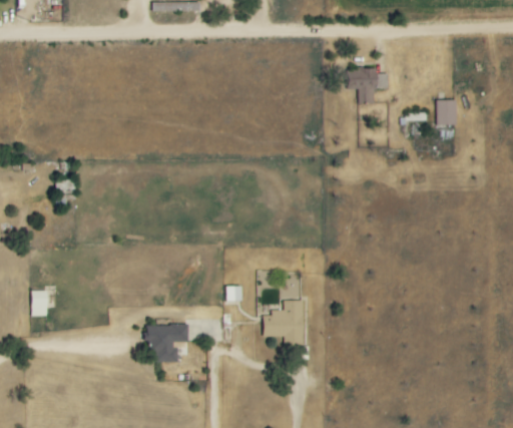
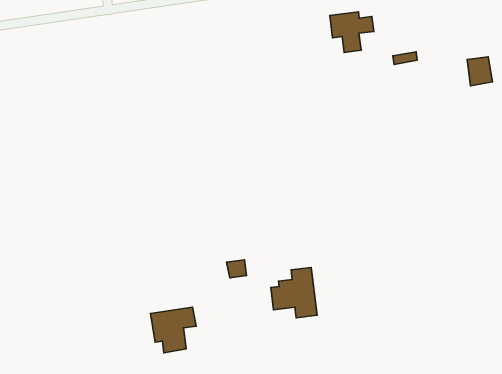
building: [436,100,457,125] -> [467,57,493,86]
building: [31,291,47,316] -> none

